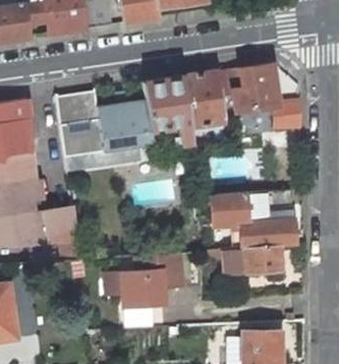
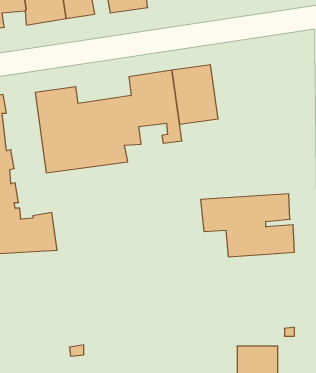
building: [230,64,301,129] -> none
building: [205,246,282,275] -> none
building: [122,254,183,309] -> none

